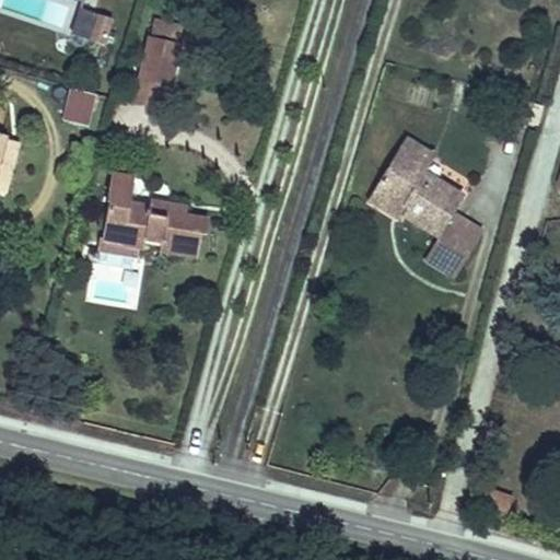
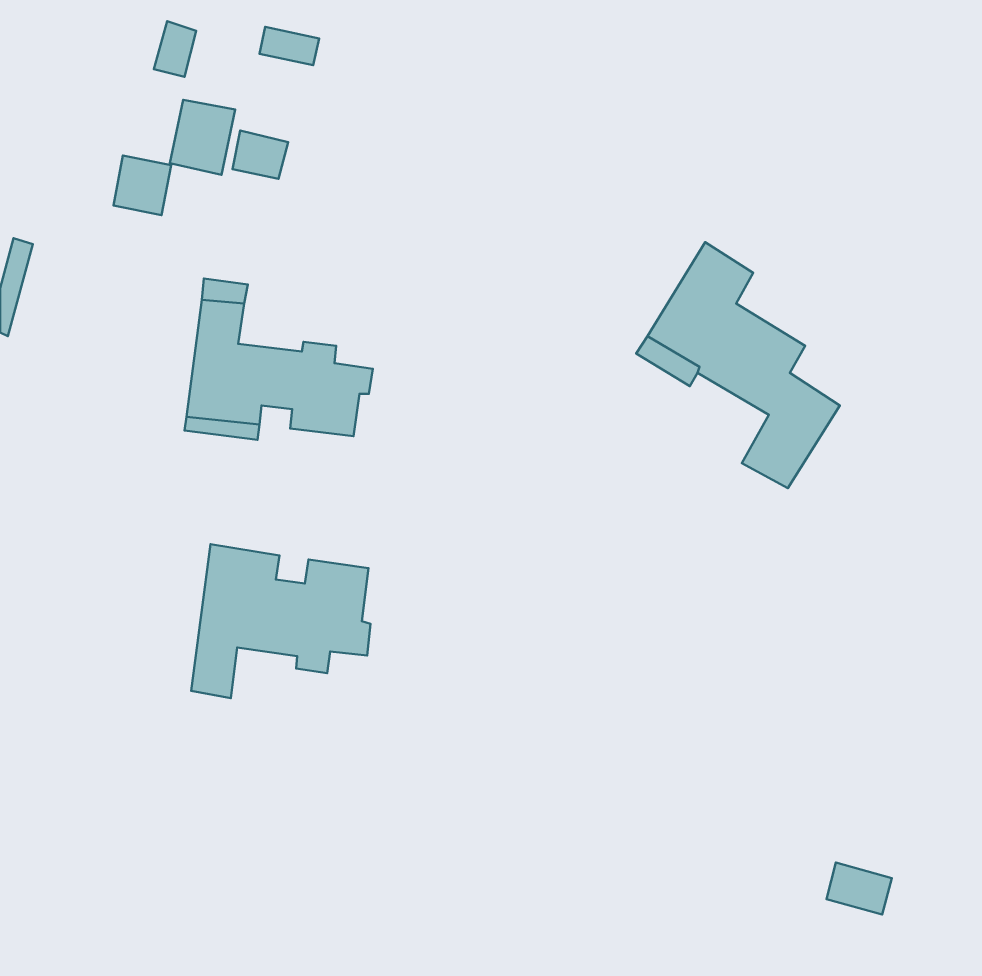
building: [142,35,179,78] -> [170,100,235,175]
building: none -> [191,544,371,698]

